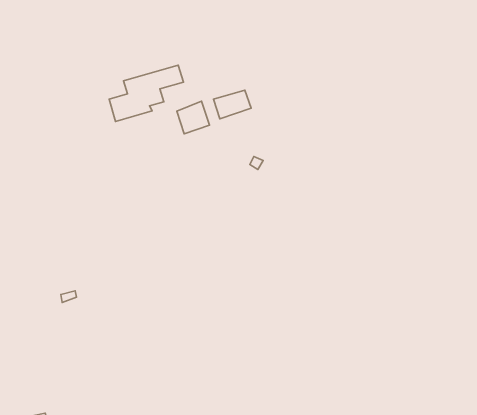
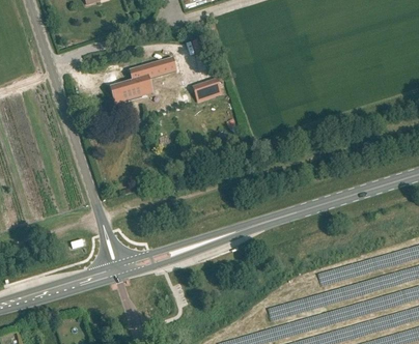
building: [177,101,210,134] -> none

